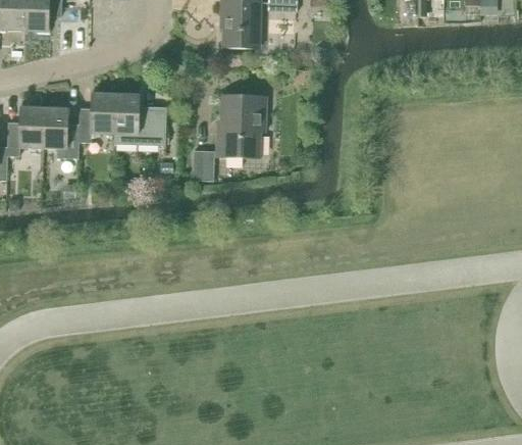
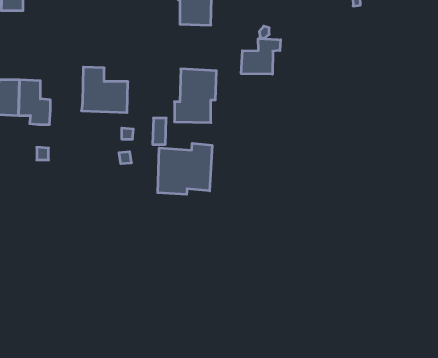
building: none -> [241,39,281,74]
building: [79,93,115,141] -> none
building: none -> [158,143,212,194]

